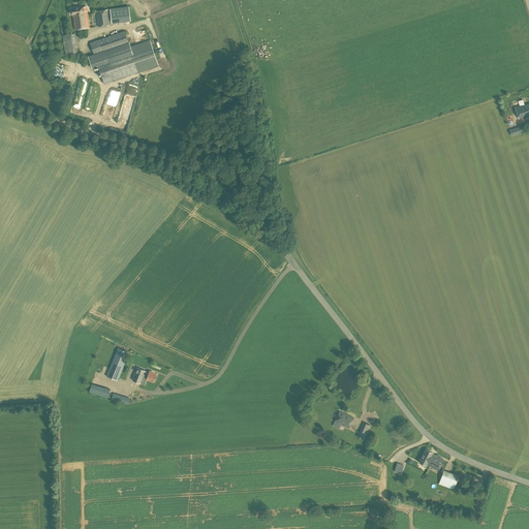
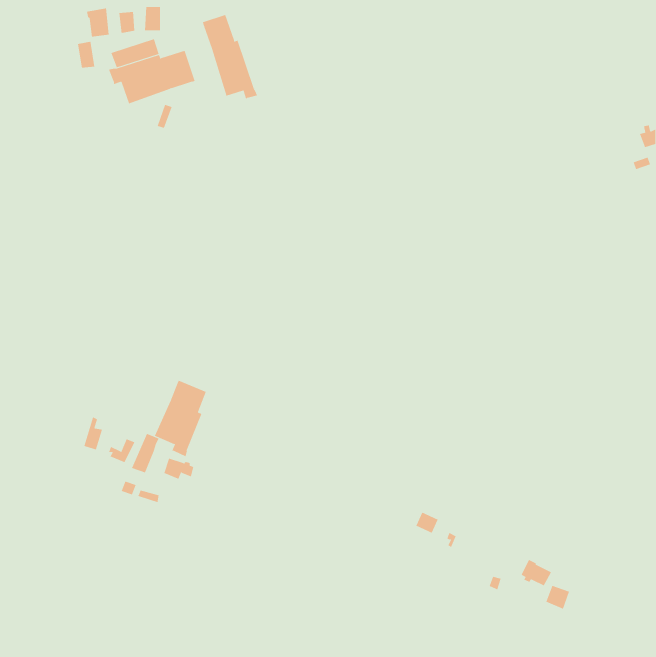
building: none -> [202,14,258,100]
building: none -> [154,380,207,457]

